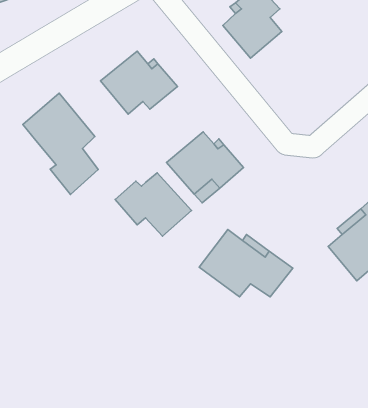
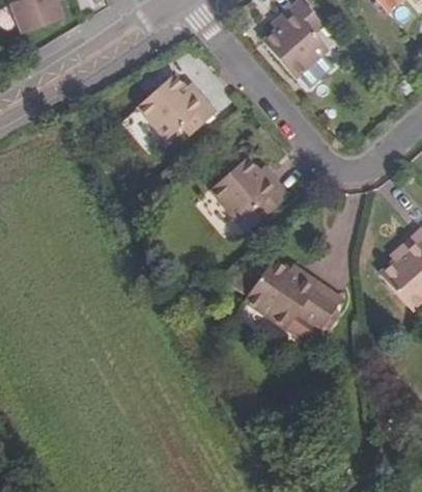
building: [23,93,98,194] -> none
building: [115,173,192,236] -> none

